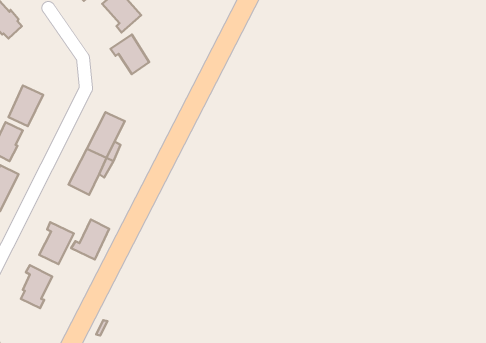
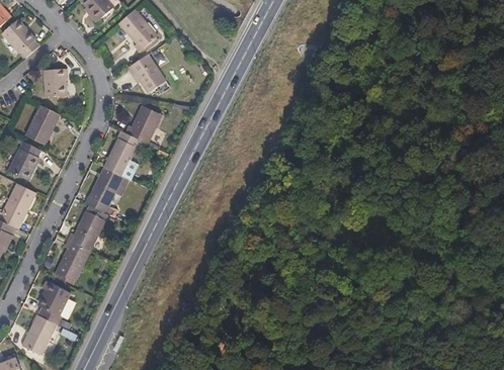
building: none -> [43,68,65,95]
building: none -> [125,106,162,143]
building: [71,220,109,259] -> [67,211,104,251]
building: none -> [22,314,57,355]

